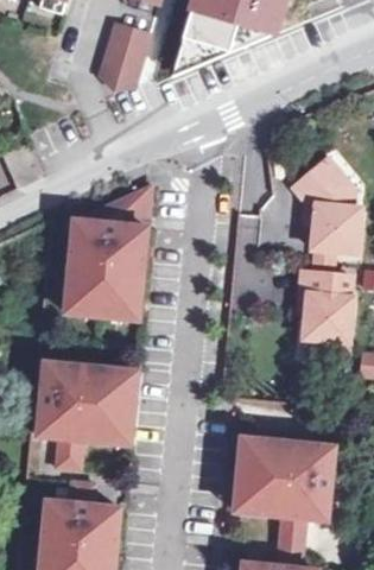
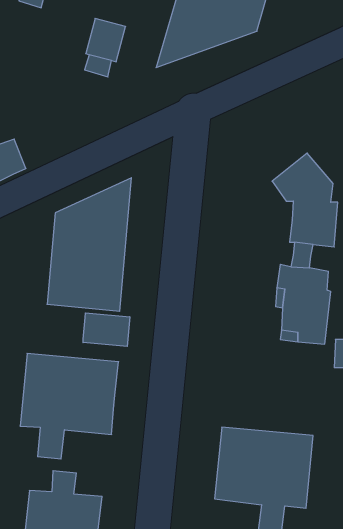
building: none -> [83,313,130,346]

